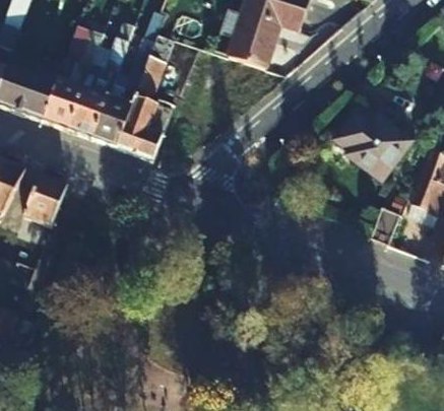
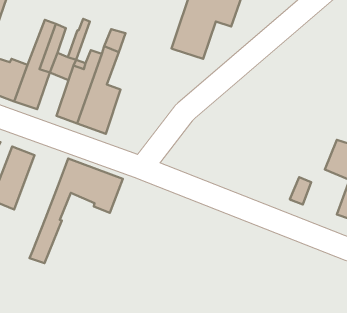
building: [68,87,106,139] -> none
building: [334,111,408,181] -> none
building: none -> [30,158,123,263]

